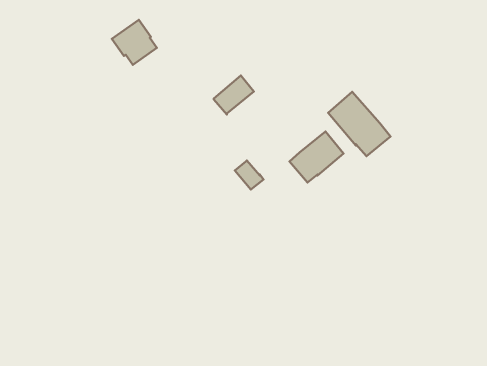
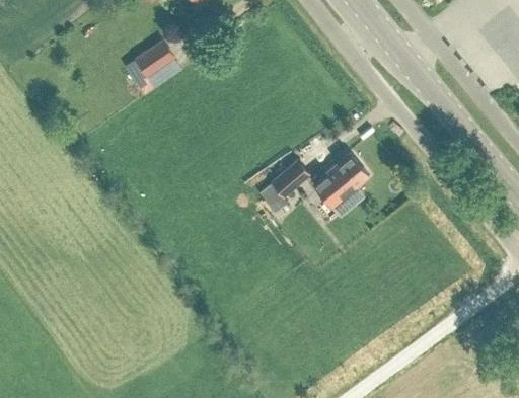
building: [214,76,254,114] -> [272,158,312,197]
building: [328,92,391,156] -> none

